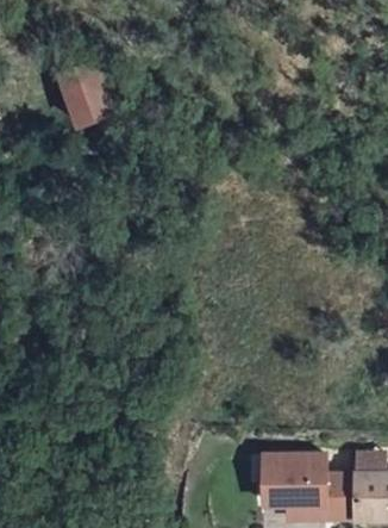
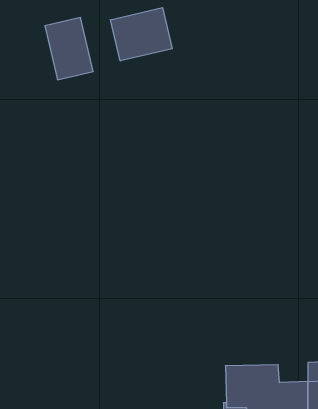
building: none -> [110,8,172,61]

